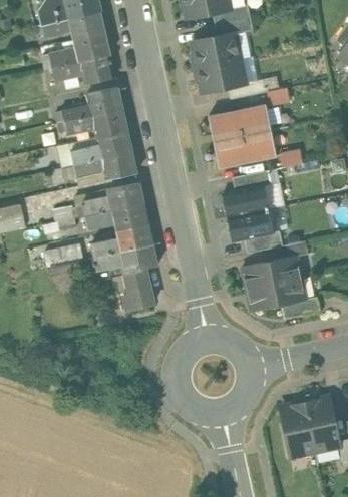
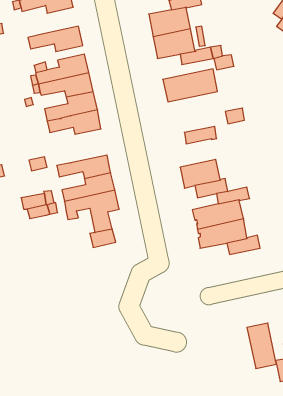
building: [43,33,110,69] -> none
building: [214,130,276,167] -> none
building: [75,182,143,216] -> none
building: [223,184,269,217] -> none
building: [281,402,315,454] -> none

